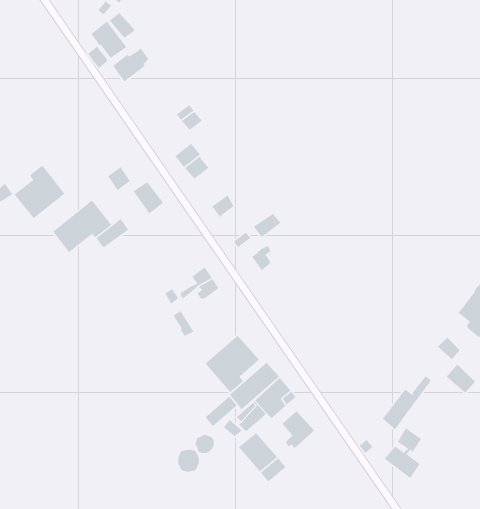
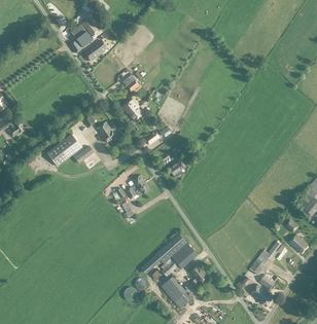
building: [14,165,66,219] -> none
building: [205,335,260,393] -> none

